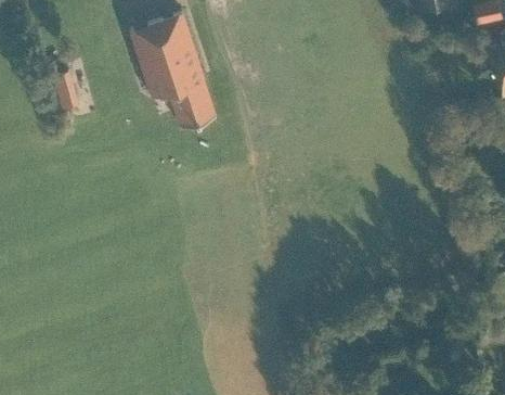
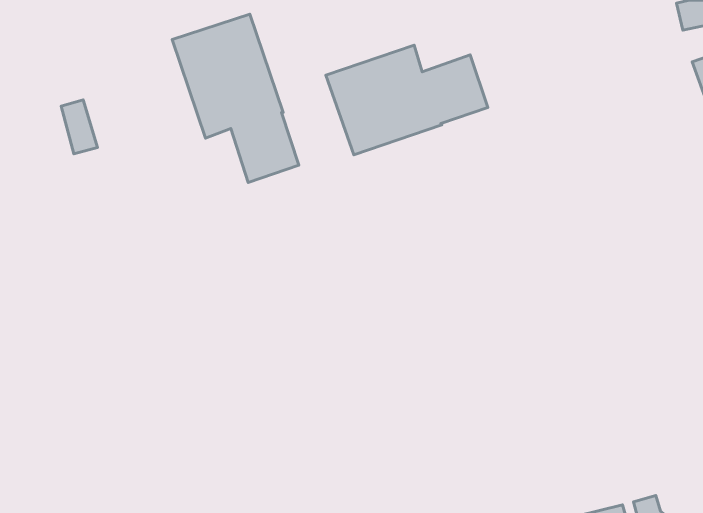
building: none -> [326,45,488,155]

